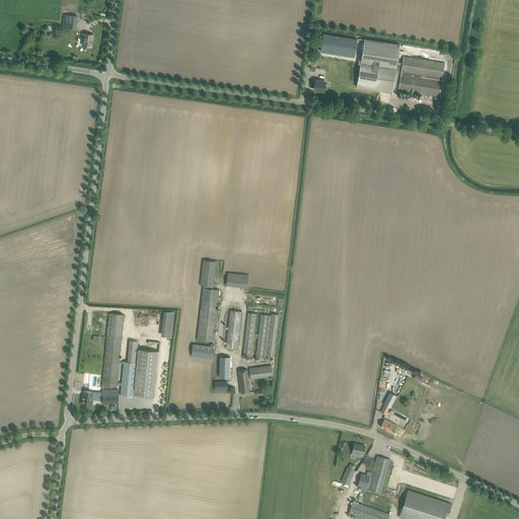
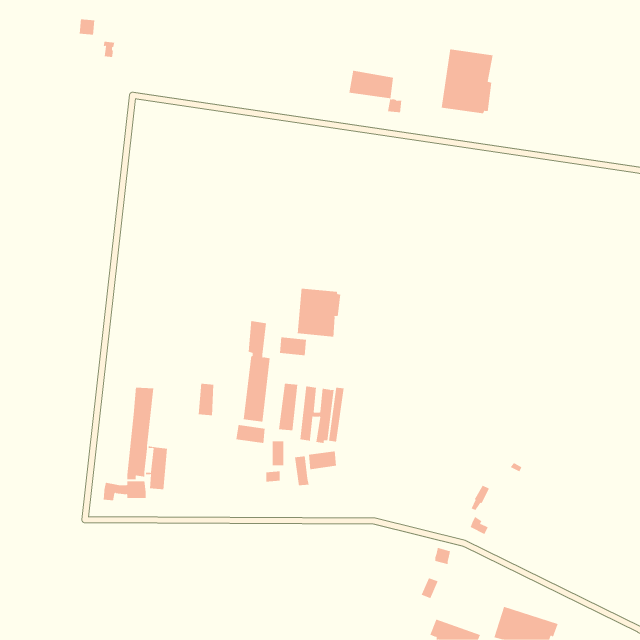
building: [320,33,357,57] -> [349,70,394,99]
building: [398,57,449,98] -> none
building: none -> [297,288,341,337]
building: [134,350,158,397] -> none
building: [358,455,390,494] -> none

